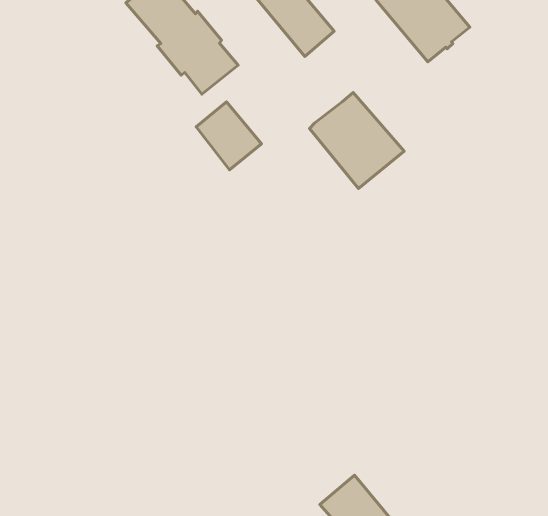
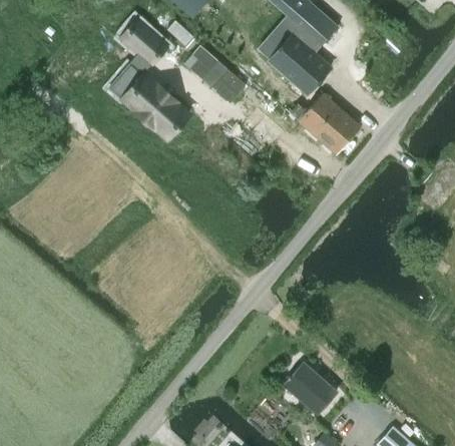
building: [309,93,404,189] -> [299,93,361,153]
building: [196,102,262,170] -> none

